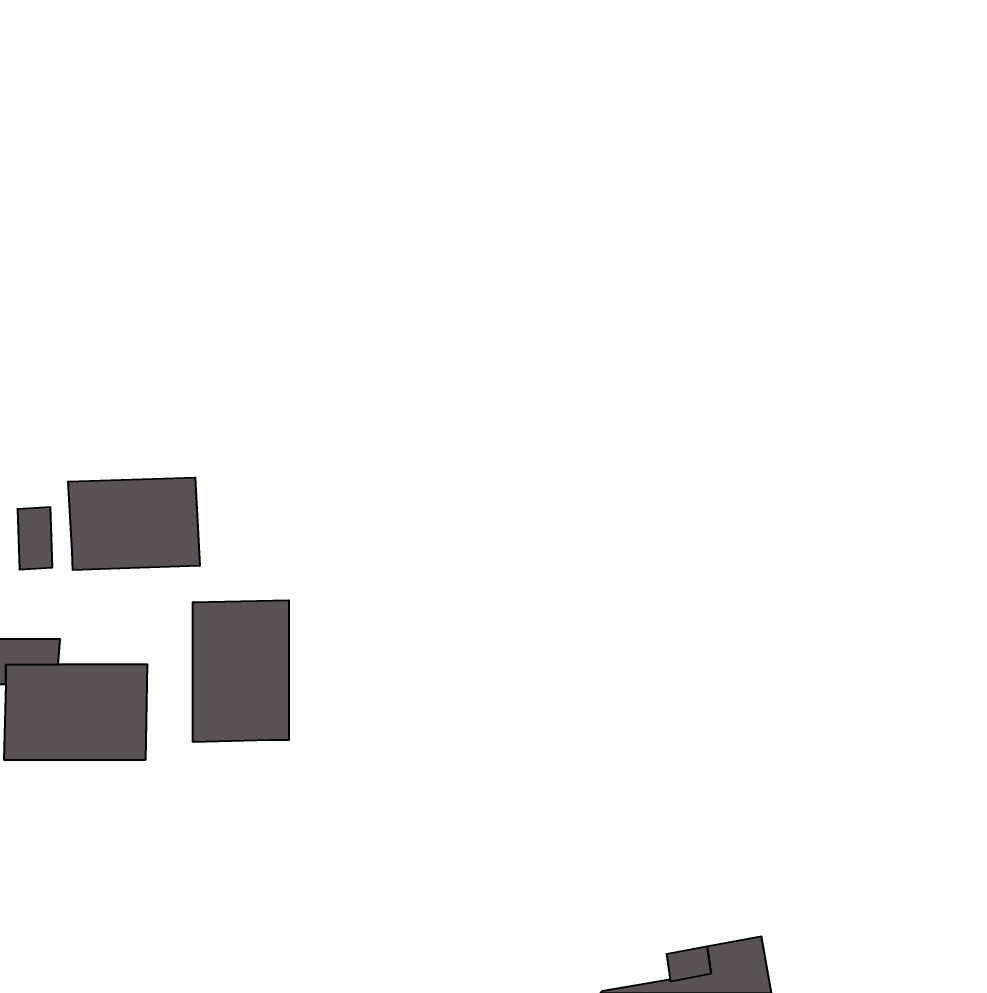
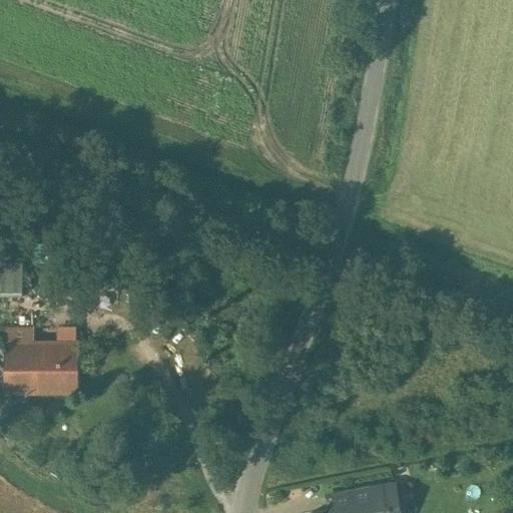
building: [68,477,200,570] -> none
building: [193,600,289,742] -> none

